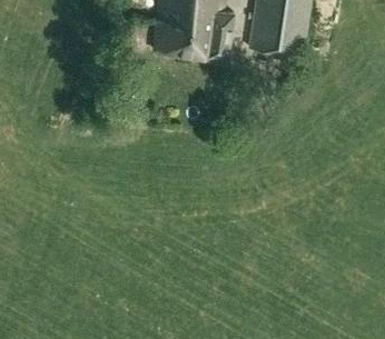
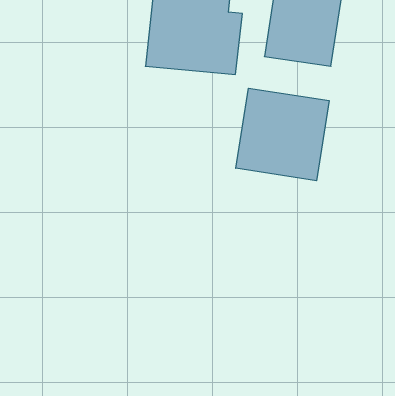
building: none -> [236,88,329,181]

